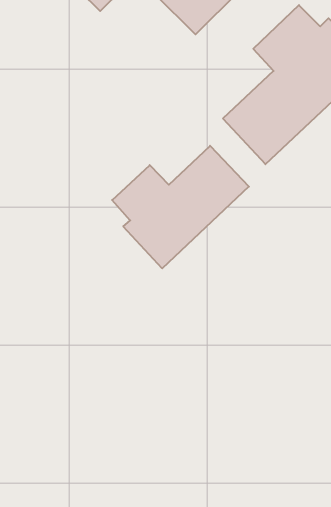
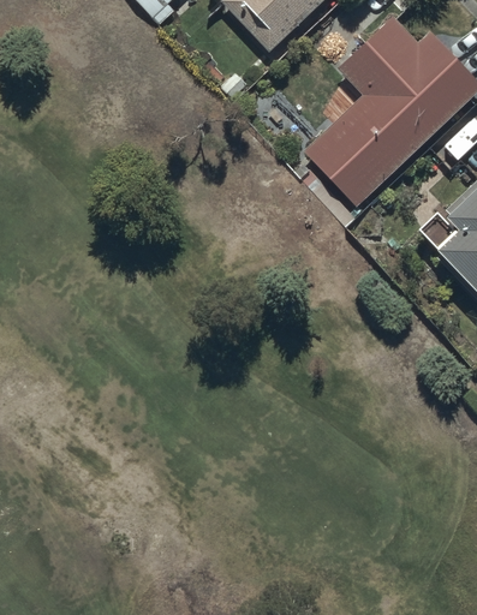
building: [112,146,249,268] -> none

